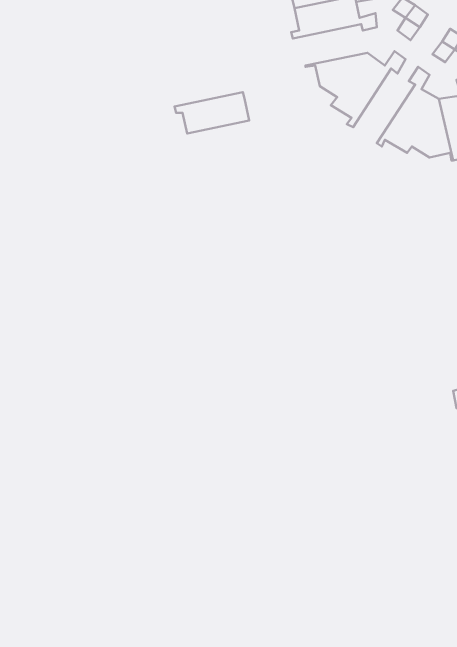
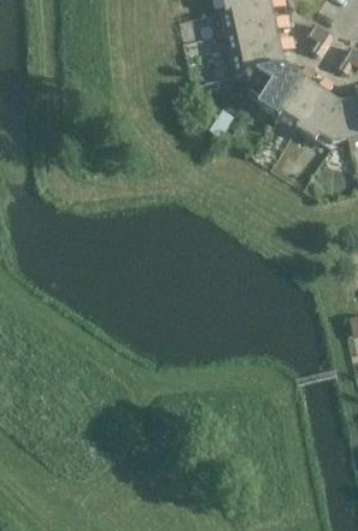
building: none -> [276,76,323,132]
building: [175,92,249,133] -> [230,42,287,73]

